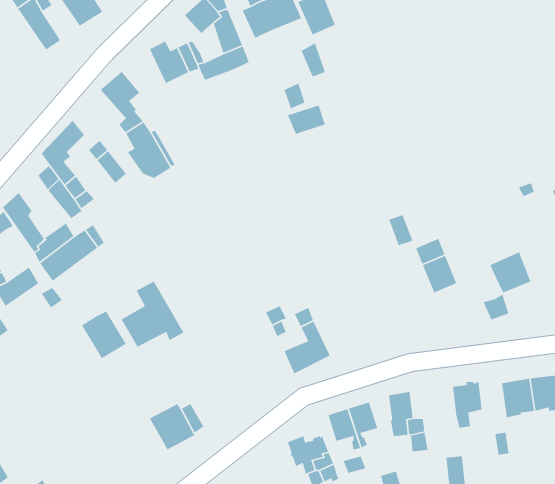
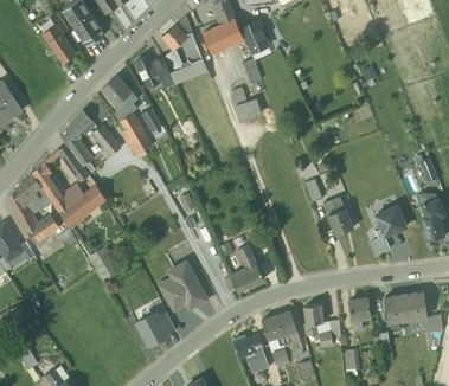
building: [120,280,184,348] -> [162,262,207,309]

